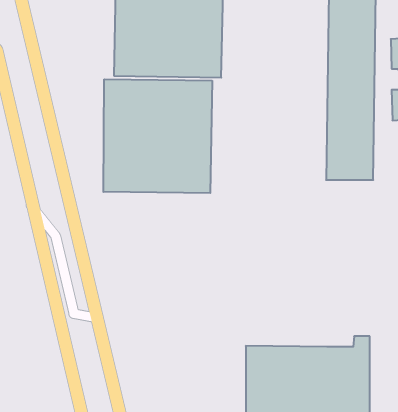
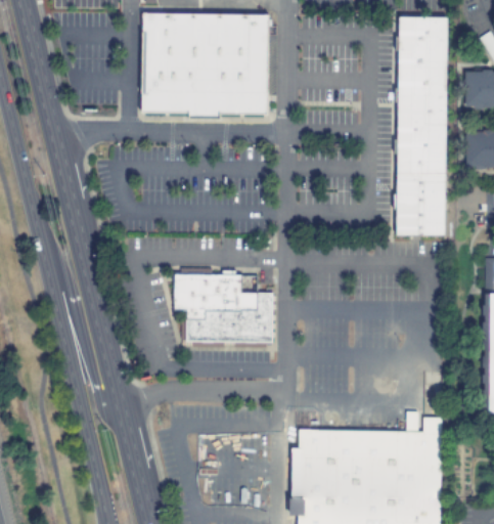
building: [103,79,212,193] -> none
building: none -> [173,272,272,343]

